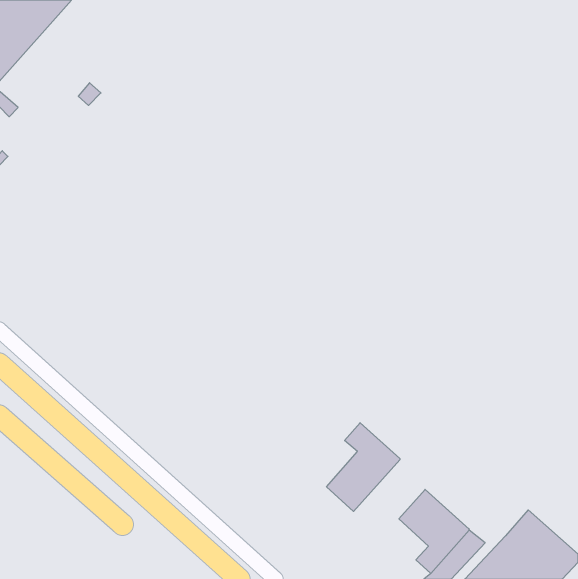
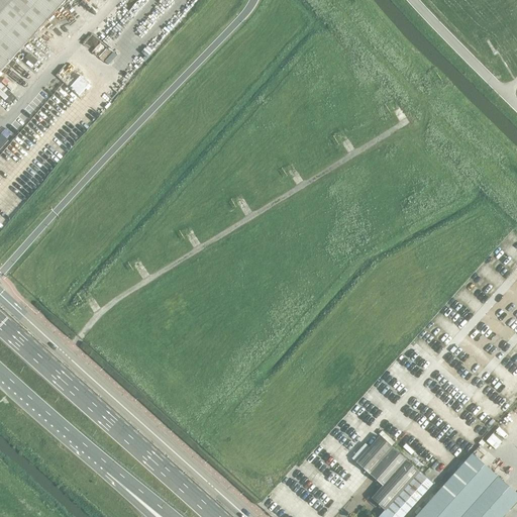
building: [327,423,400,511] -> none

